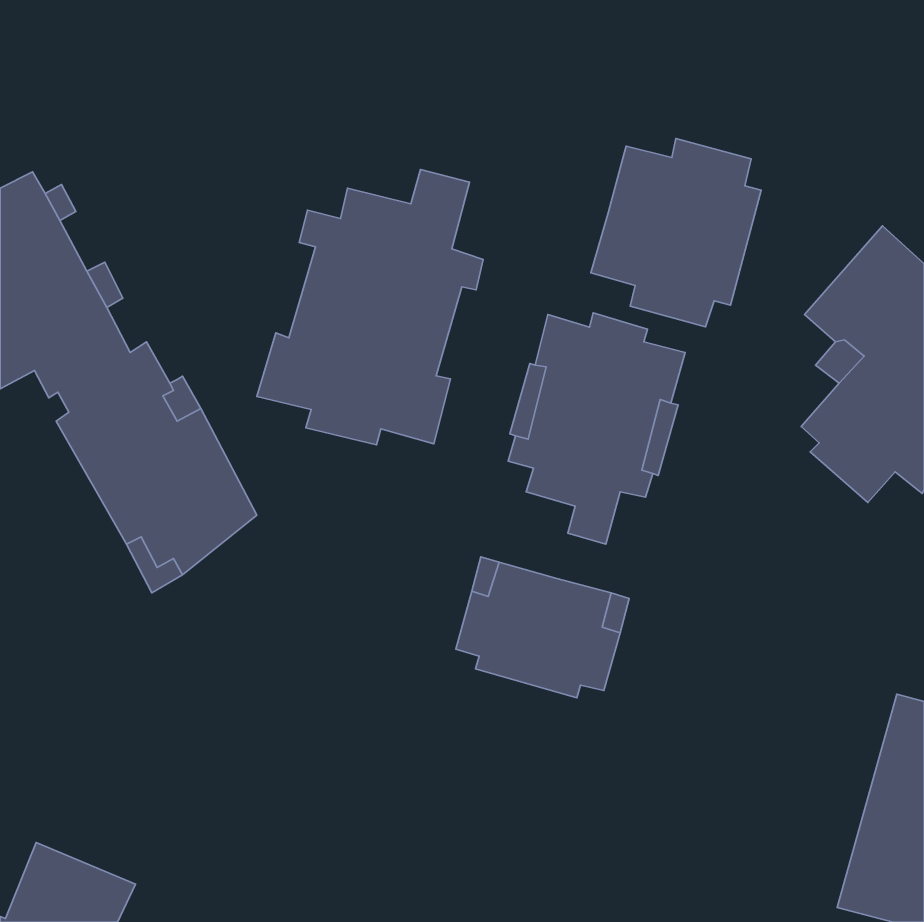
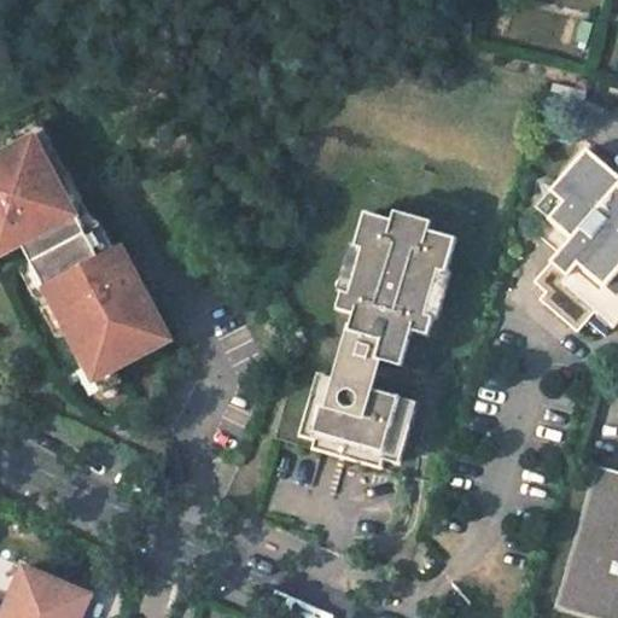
building: [591,138,761,327] -> none
building: [257,169,483,445] -> none
building: none -> [338,328,384,386]

